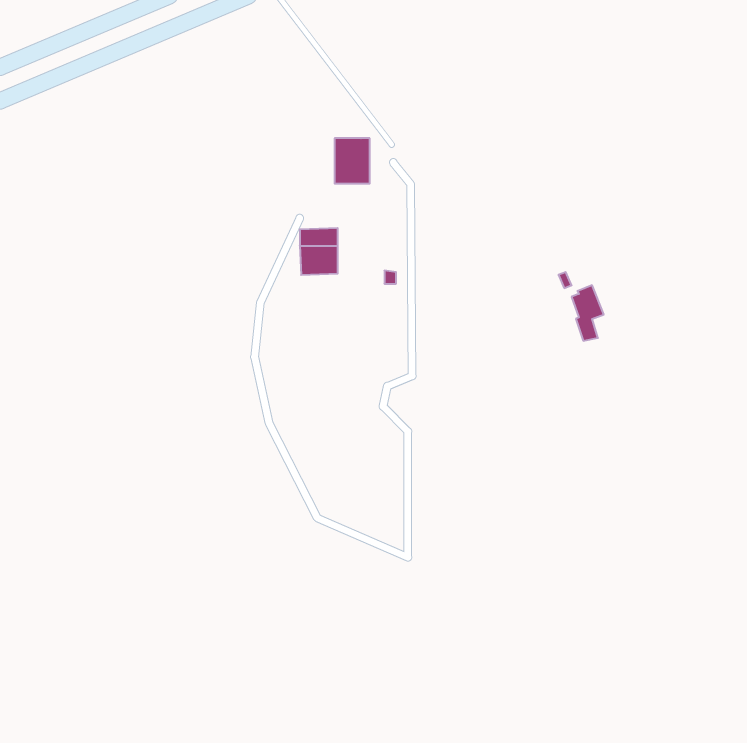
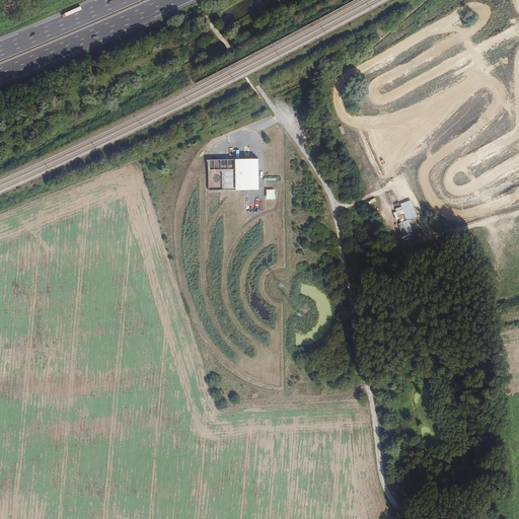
building: [335,138,370,184] -> [234,158,258,190]

